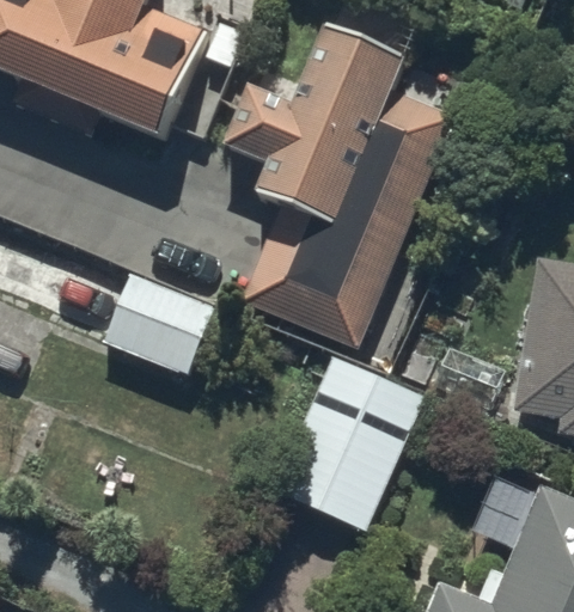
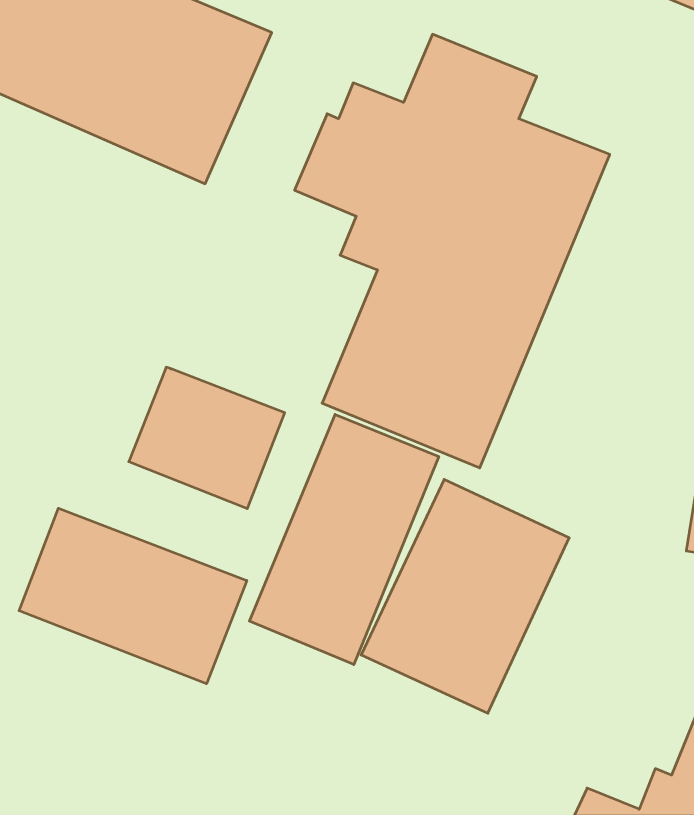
building: none -> [249,414,439,665]
building: none -> [19,508,247,684]

